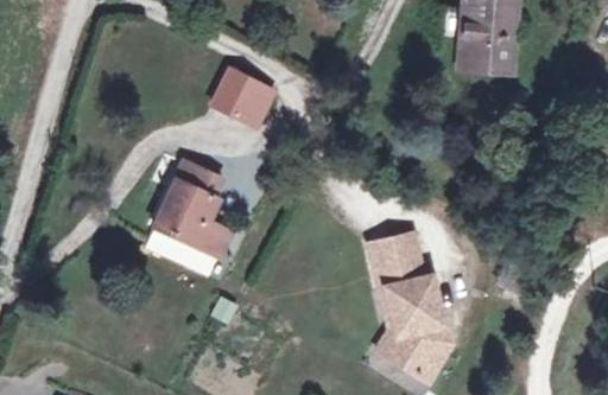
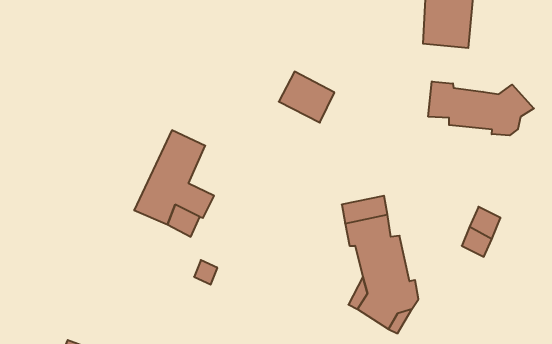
building: [217,74,277,128] -> [279,72,334,123]
building: none -> [428,81,534,135]

